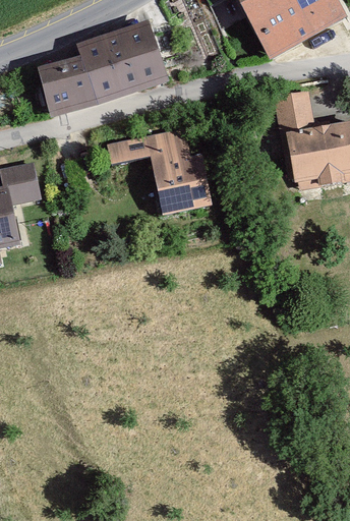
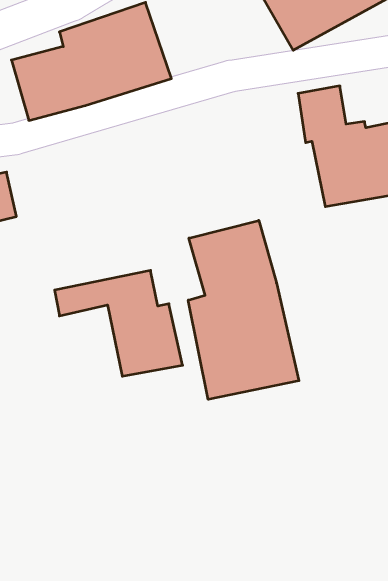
building: [106,126,212,214] -> [55,270,183,376]
building: none -> [188,220,299,399]

